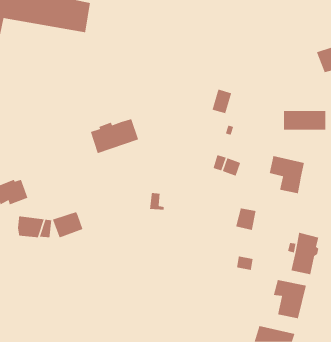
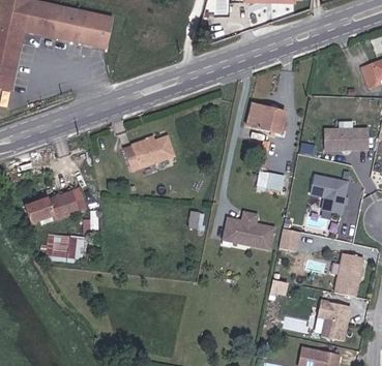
building: none -> [262,110,288,136]
building: none -> [211,211,262,249]
building: [52,211,84,239] -> [55,188,87,216]

